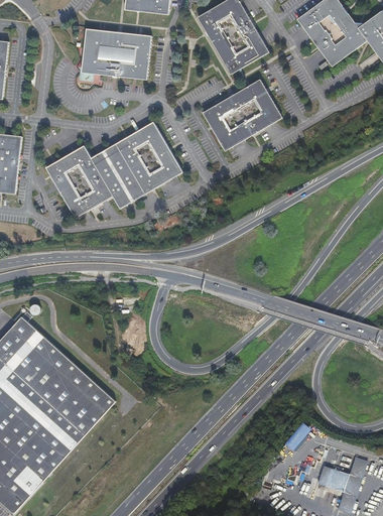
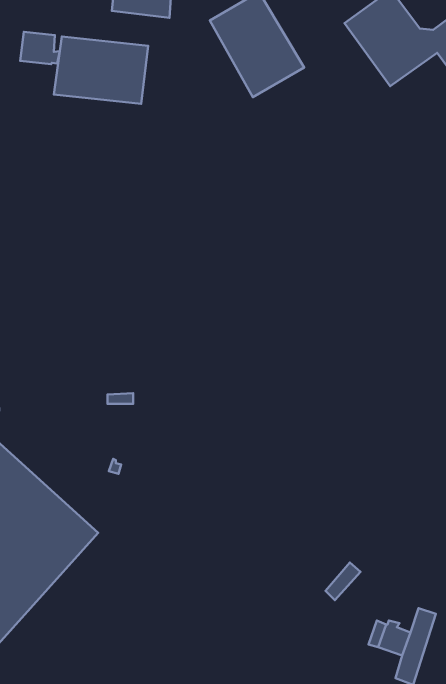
building: none -> [20,32,60,64]
building: [203,79,281,150] -> none
building: [45,121,182,217] -> none

